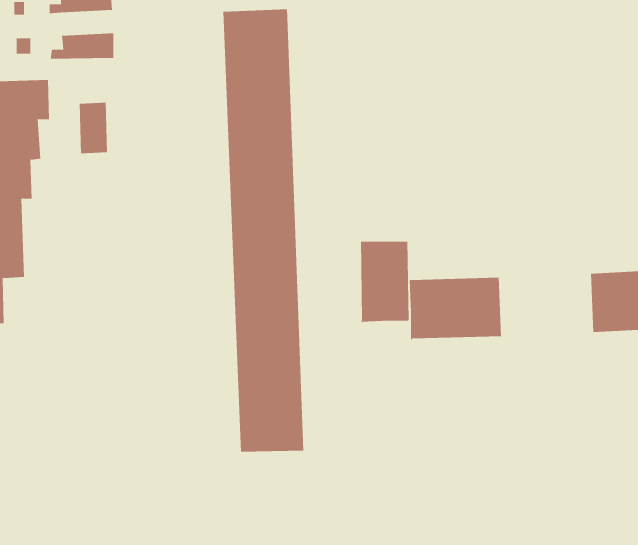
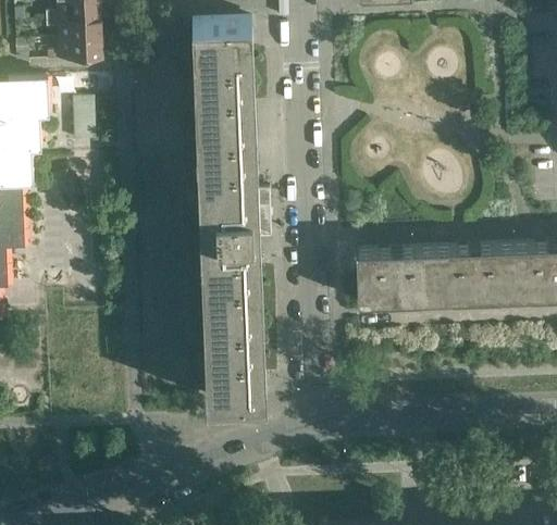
building: none -> [42,28,99,50]
building: [360,241,410,322] -> none
building: none -> [432,255,512,310]

